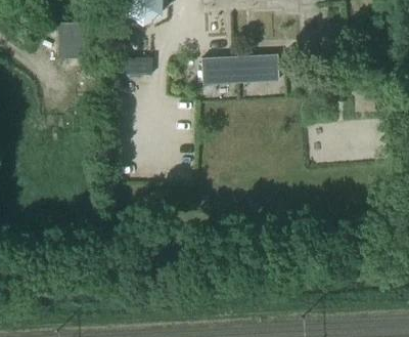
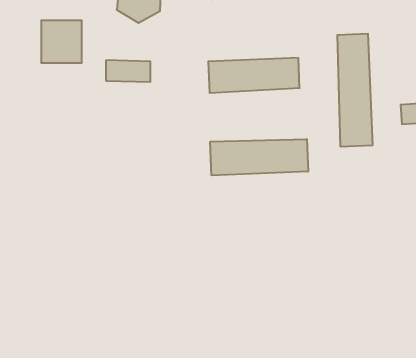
building: none -> [337,34,372,147]
building: none -> [210,139,308,175]

